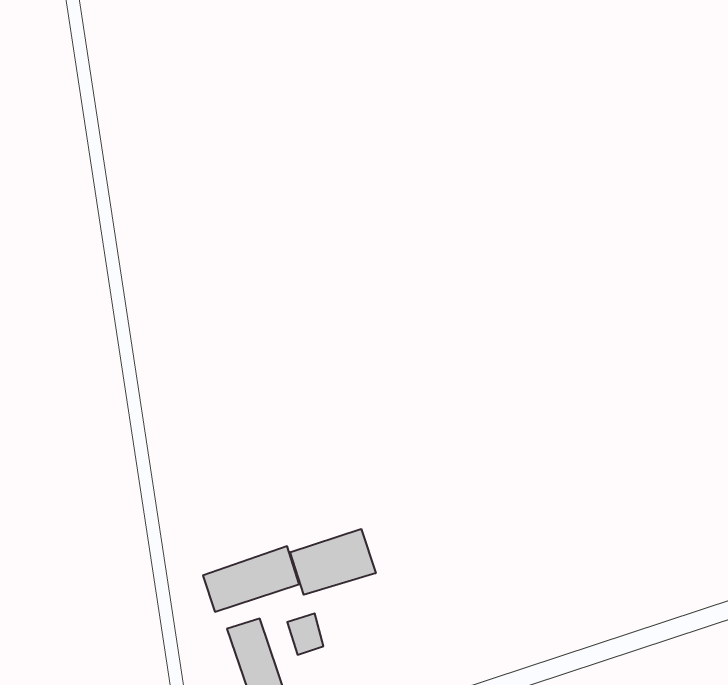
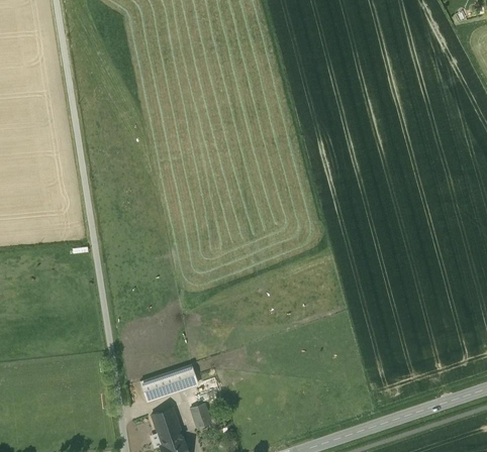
building: [290,529,376,595] -> none

